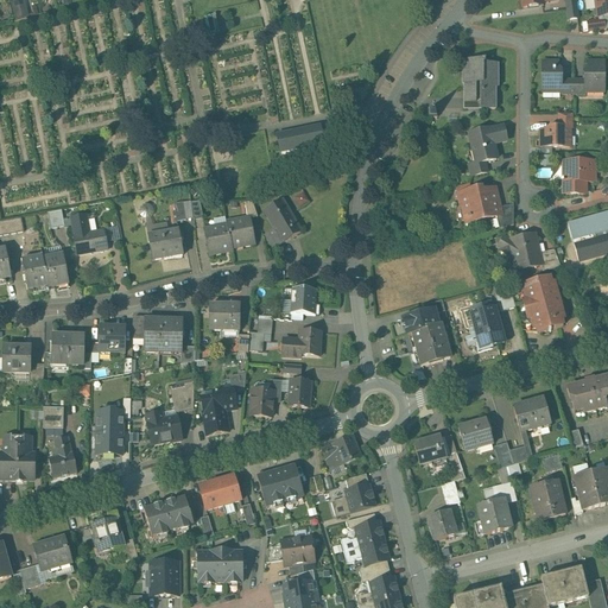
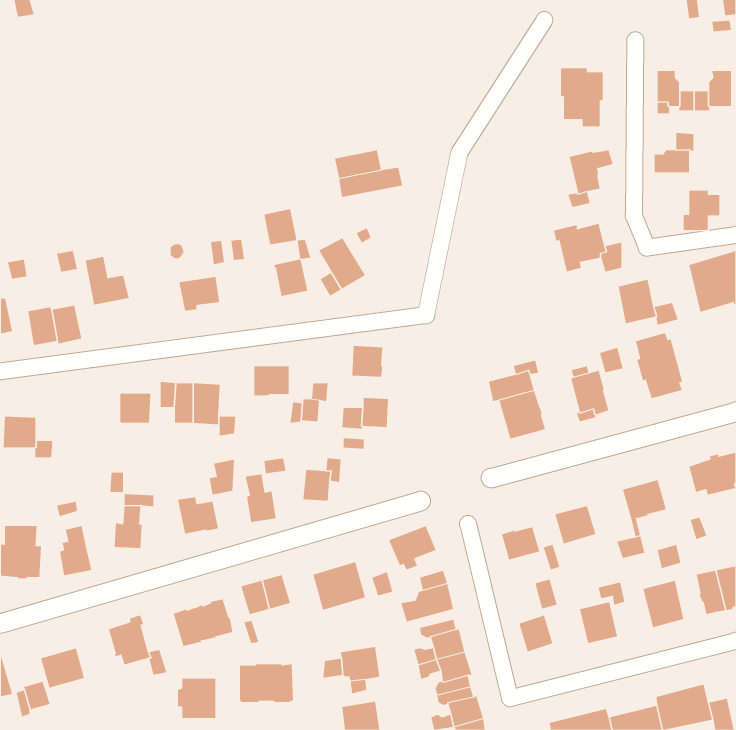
building: [204,221,232,251] -> [264,209,297,245]
building: [51,332,84,361] -> none
building: [287,376,311,405] -> none

